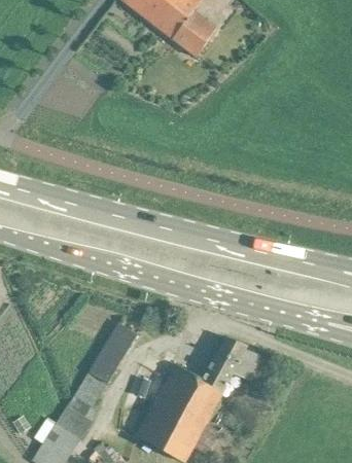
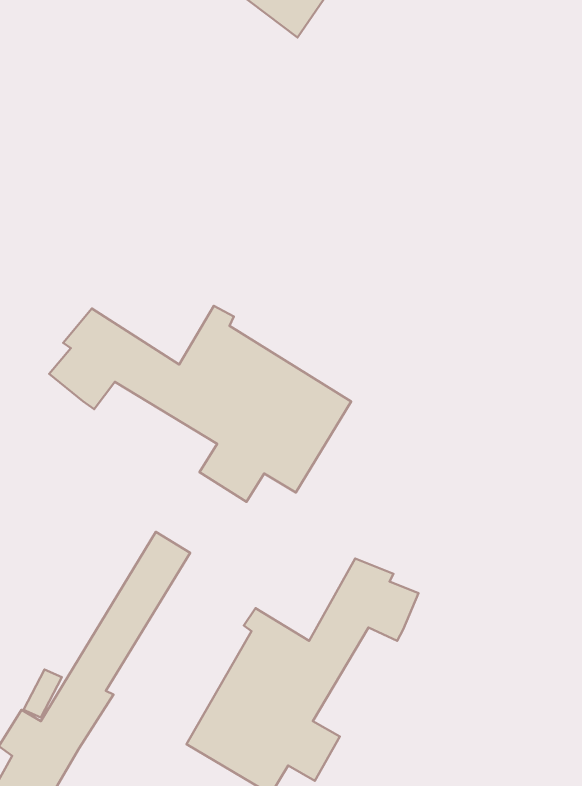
building: none -> [49,306,351,502]

